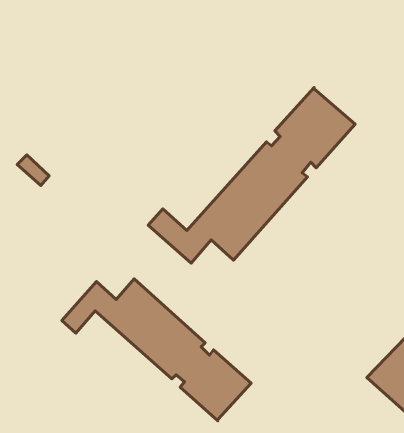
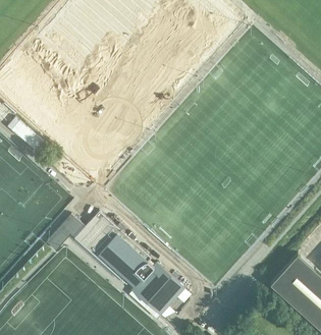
building: [148,87,355,263] -> none

